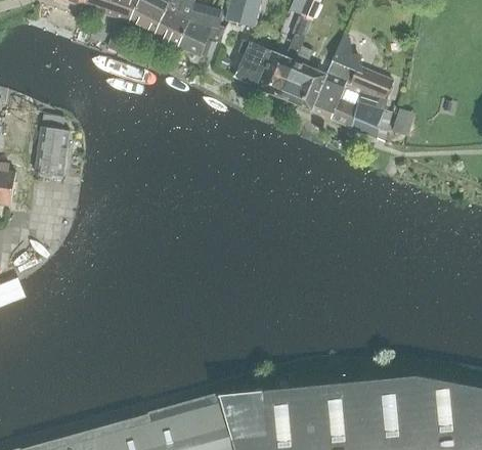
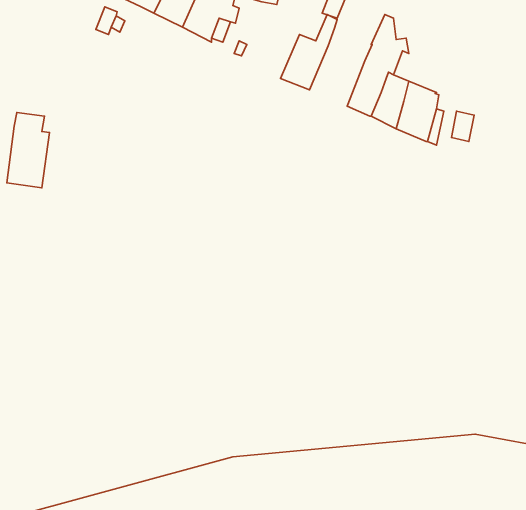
building: [235,41,273,88] -> none
building: [281,47,333,110] -> none
building: [350,65,393,99] -> none

